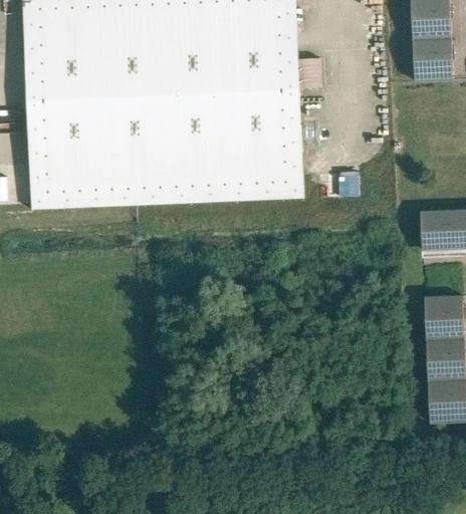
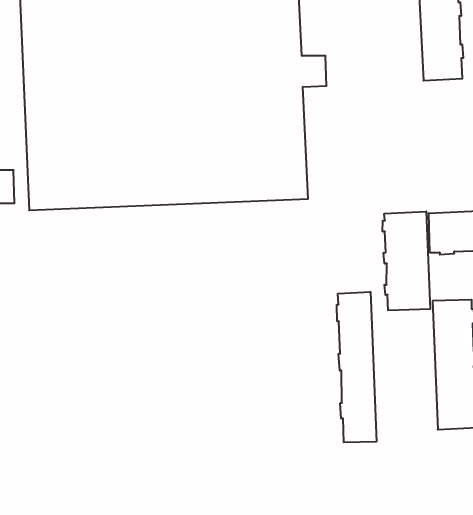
building: none -> [383,211,430,310]
building: none -> [337,292,376,442]

